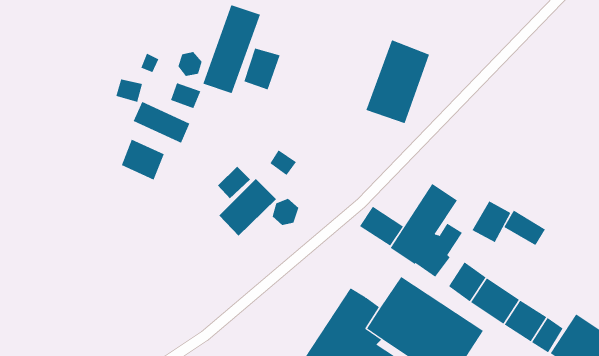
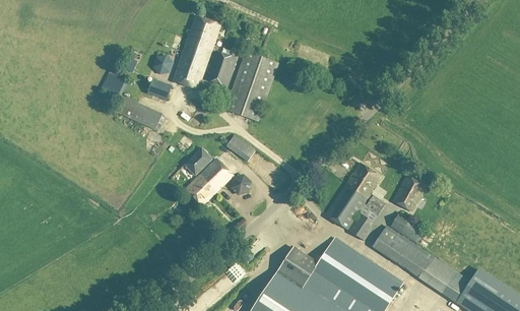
building: [365,39,430,124] -> [223,51,276,120]
building: [121,139,164,181] -> none
building: [359,206,404,247] -> none
building: [504,210,546,246] -> [390,212,425,242]

